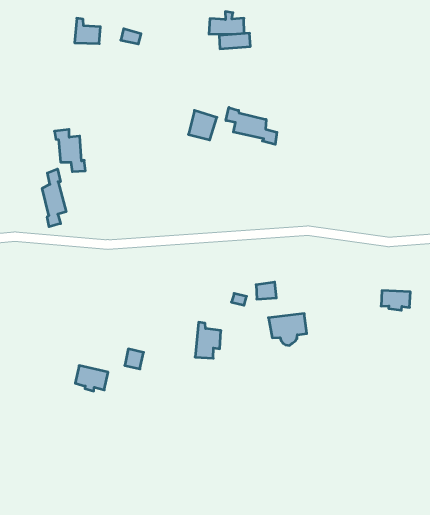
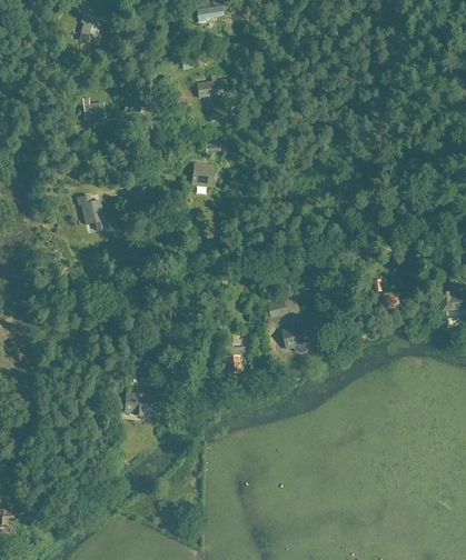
building: [226,107,277,144] -> none
building: [42,169,66,227] -> none

